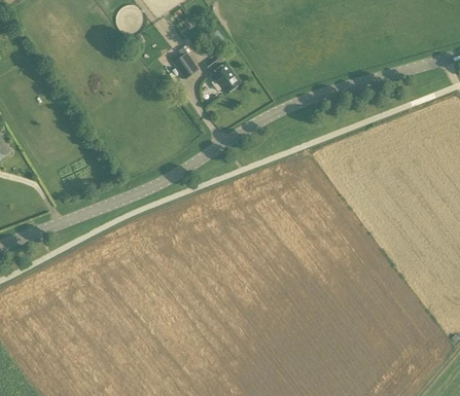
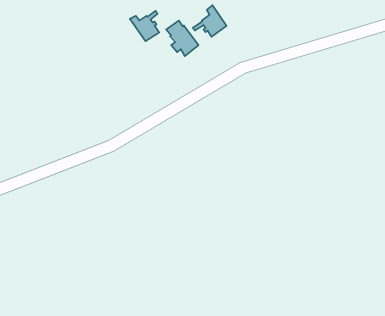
building: none -> [193,5,226,37]

